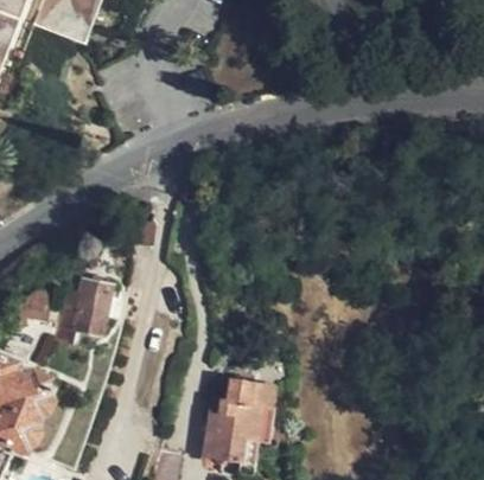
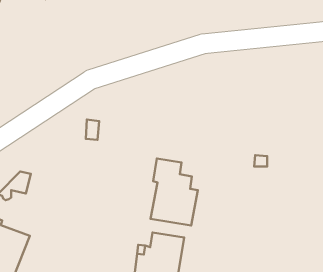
building: [72,274,113,337] -> none
building: none -> [150,159,198,226]

